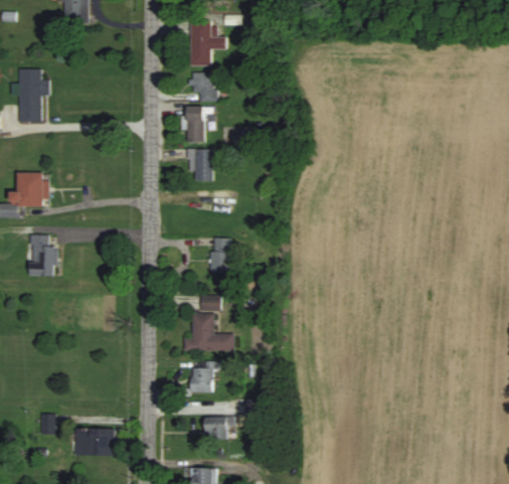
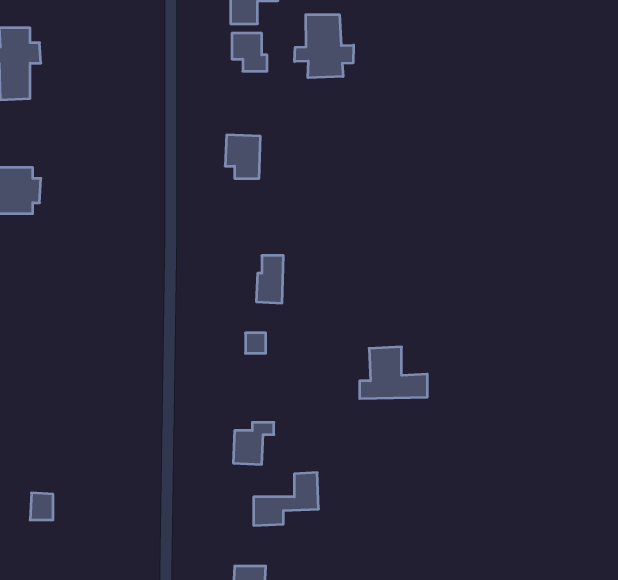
building: none -> [295,15,354,78]
building: [180,106,212,142] -> none
building: [29,234,56,276] -> none
building: [185,313,235,351] -> [360,347,427,399]
building: [76,428,117,455] -> none

